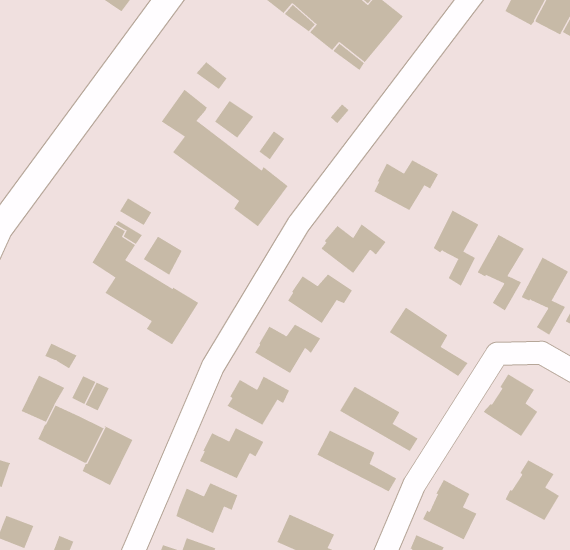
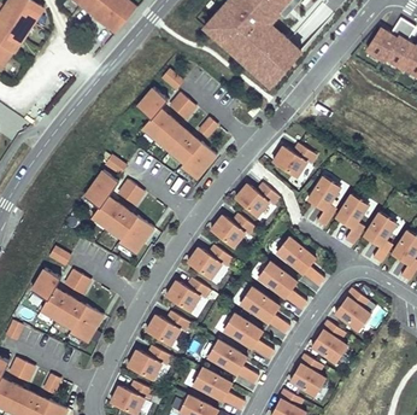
building: none -> [258,264,306,311]
building: [505,459,560,521] -> [311,321,347,362]
building: none -> [207,344,259,386]

